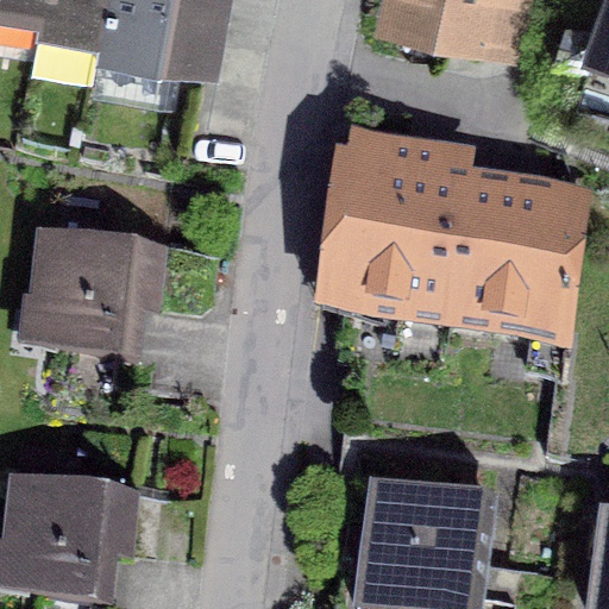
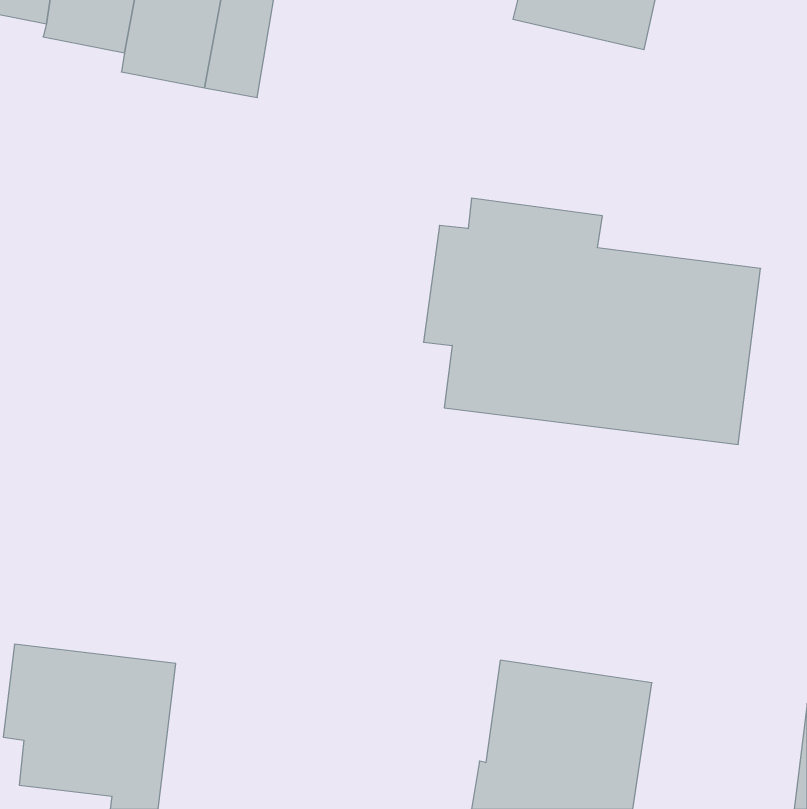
building: [27,237,212,387] -> none

